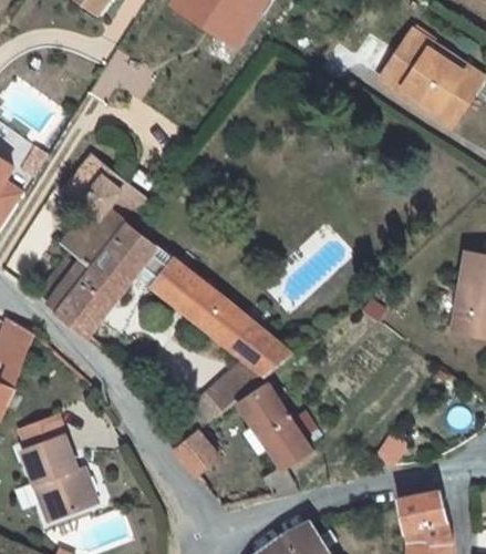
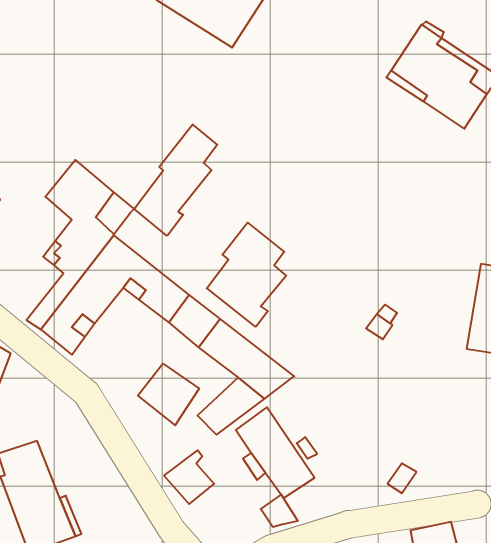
building: none -> [134,124,217,236]
building: none -> [207,223,286,327]
building: none -> [138,364,199,425]

